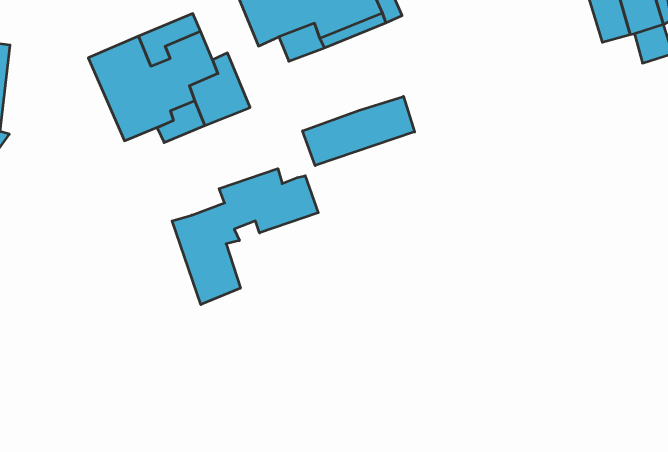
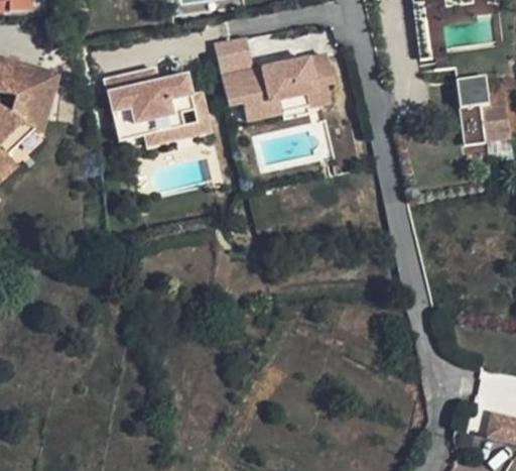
building: [303,96,415,166] -> none
building: [172,169,318,305] -> none

